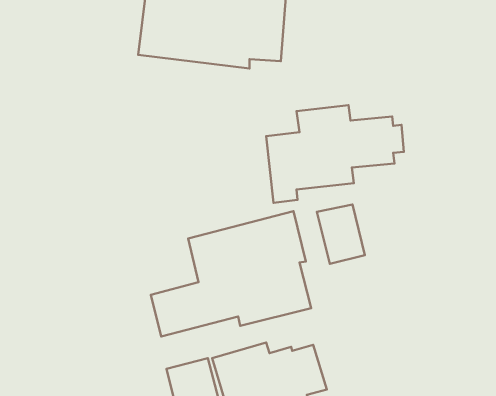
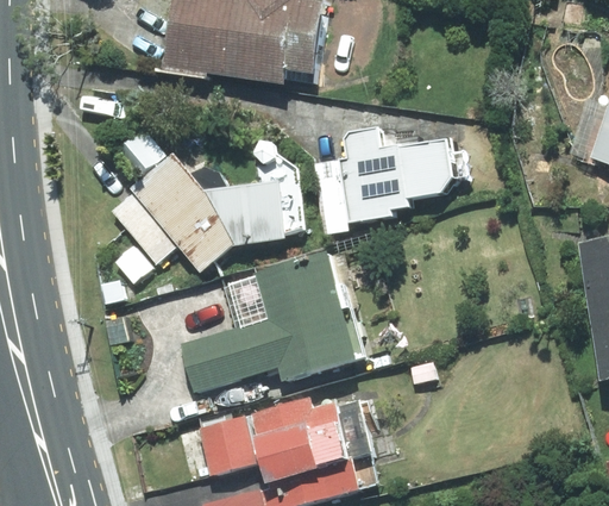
building: none -> [103,125,300,276]
building: [317,204,365,264] -> none

